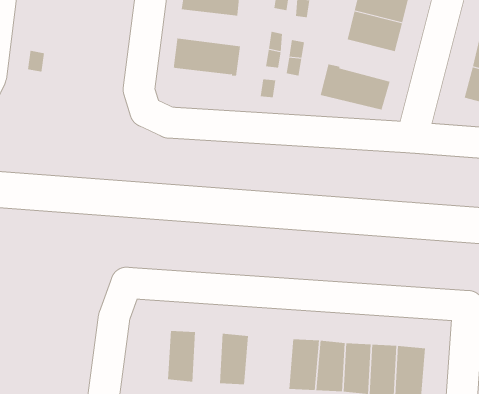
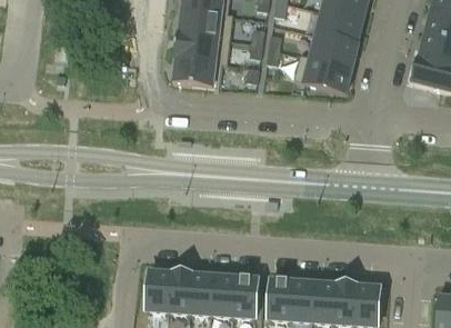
building: none -> [178,9,232,39]
building: none -> [310,33,357,68]
building: none -> [172,57,221,87]
building: none -> [146,269,171,311]
building: none -> [190,272,213,315]
building: none -> [232,276,258,318]

